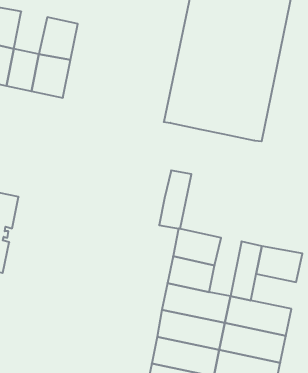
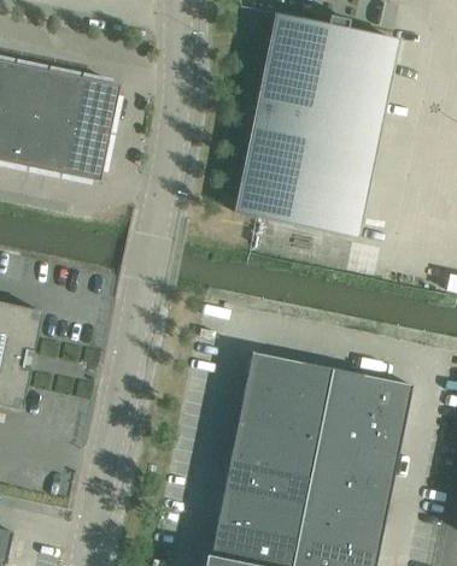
building: none -> [36,70,80,125]
building: [159,170,191,229] -> [291,364,333,440]
building: none -> [345,411,404,456]

